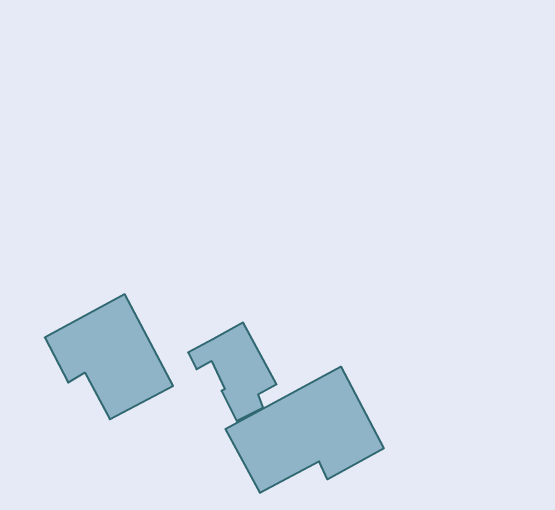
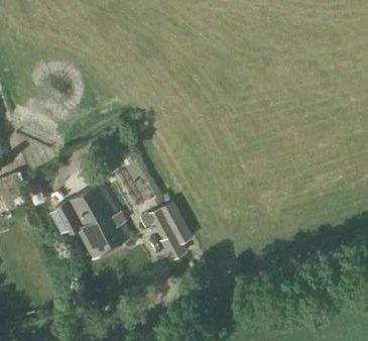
building: [225,367,384,493] -> none

